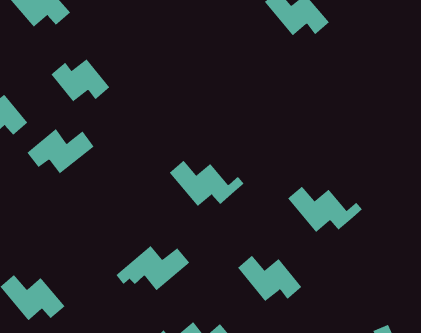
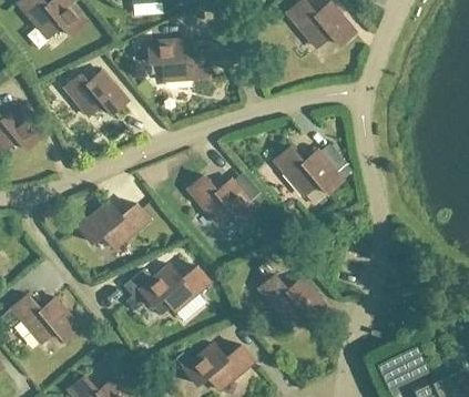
building: none -> [137,39,208,80]
building: [26,128,95,174] -> [79,201,150,248]
building: [287,186,363,233] -> [274,146,353,195]

